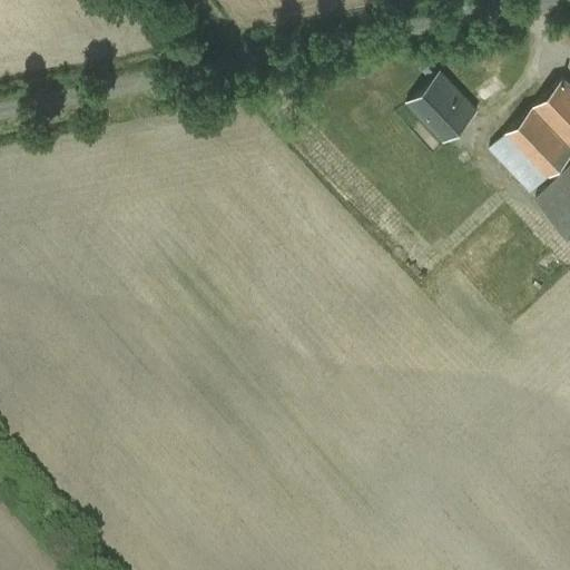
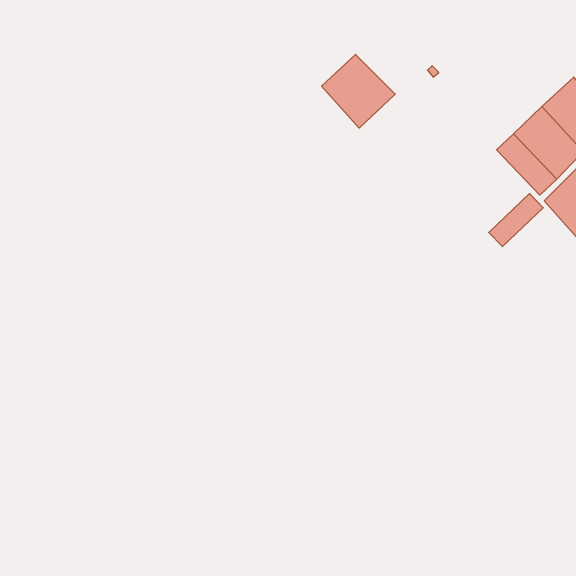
building: [409,73,481,146] -> [322,54,395,128]
building: none -> [489,194,543,247]

